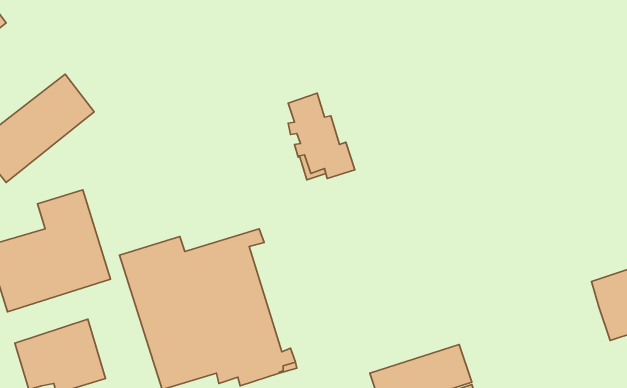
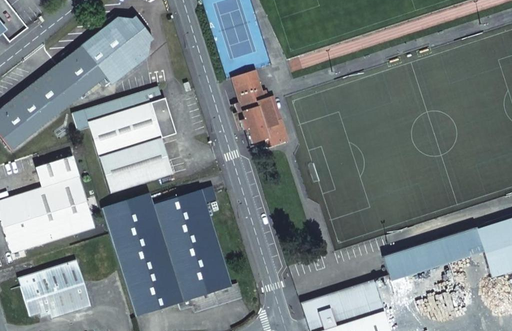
building: none -> [59,16,153,94]
building: none -> [73,87,176,193]
building: none -> [385,225,483,277]

